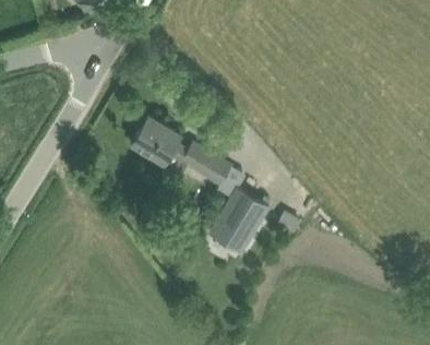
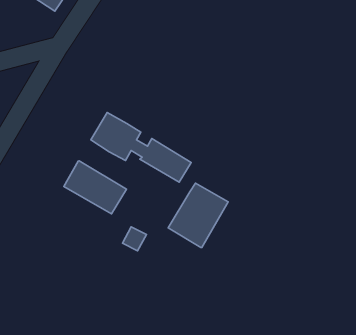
building: none -> [64,161,126,214]

